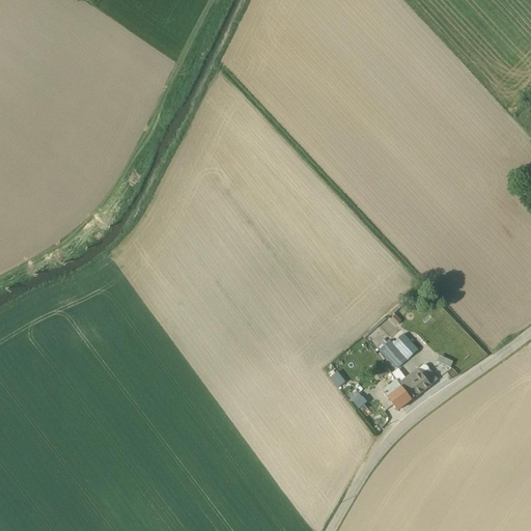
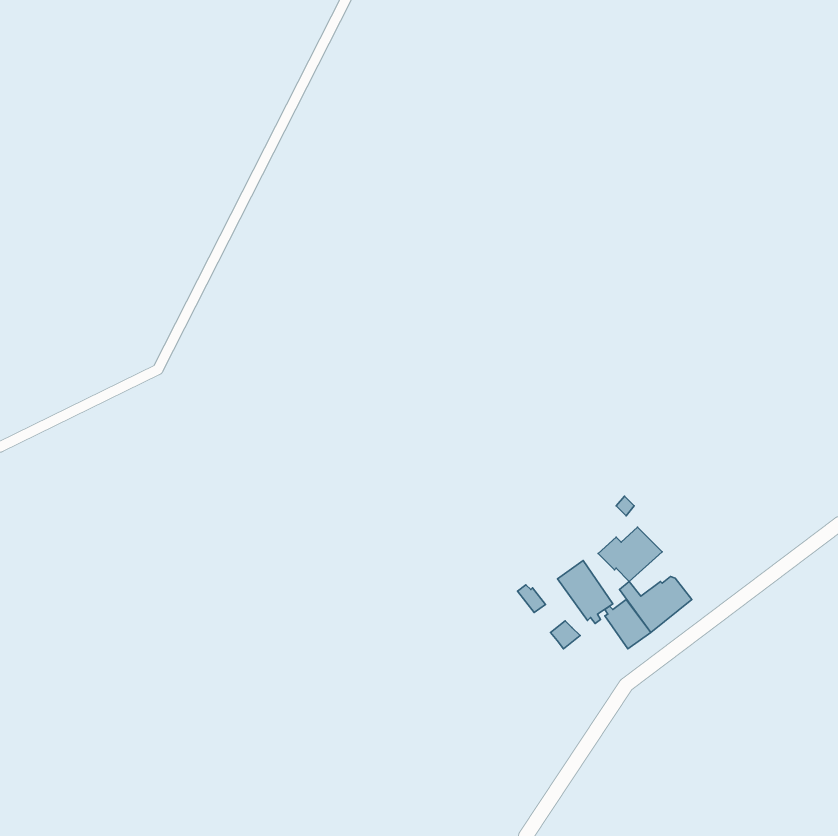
building: none -> [557,560,613,623]

